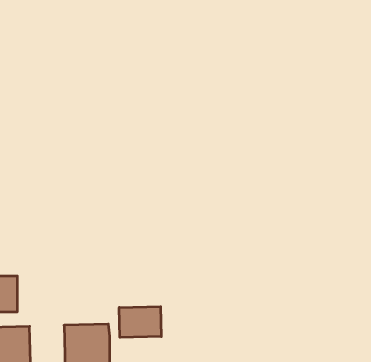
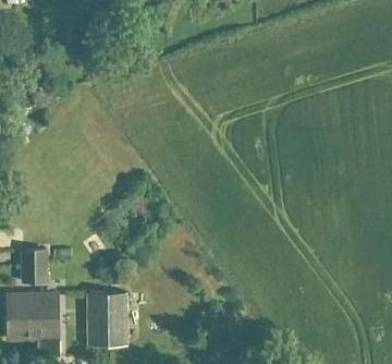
building: [119,307,161,337] -> none

